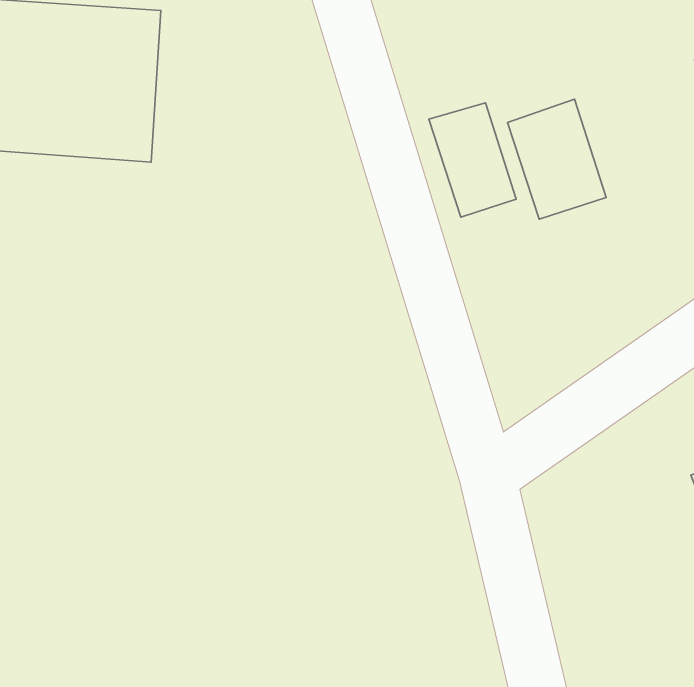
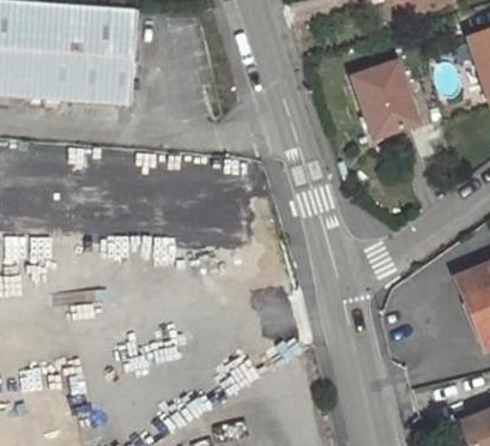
building: [429,103,516,217] -> none

